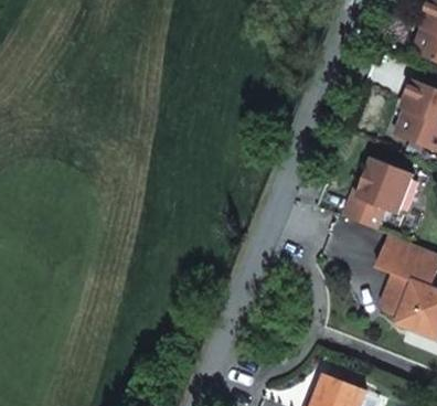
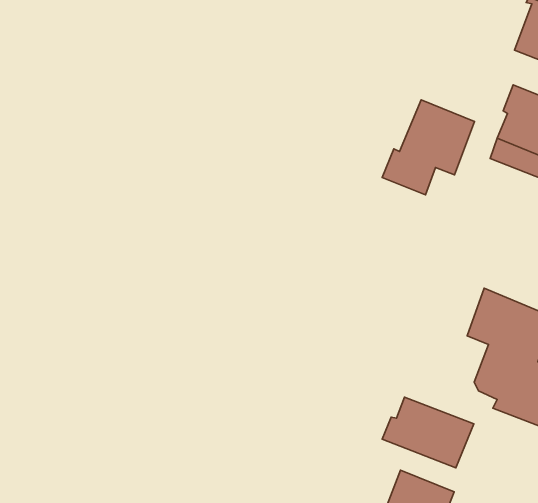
building: [341,157,412,229] -> [382,100,475,195]
building: none -> [382,397,474,468]

